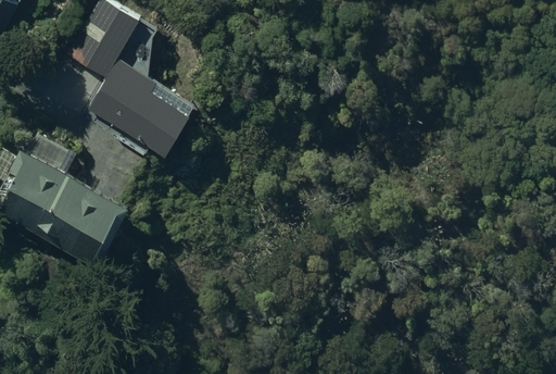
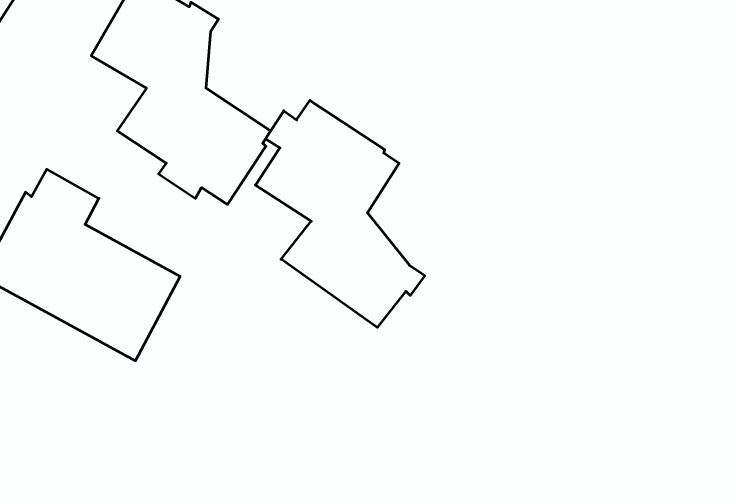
building: none -> [255,100,425,327]

